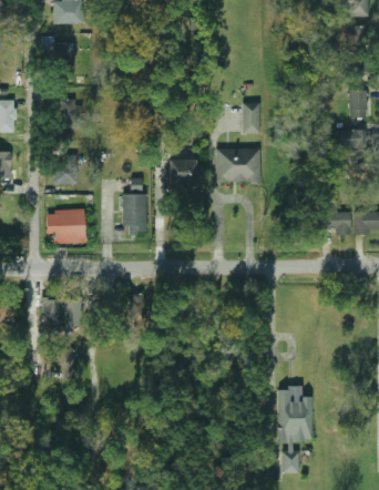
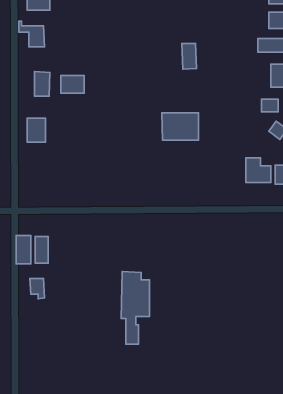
building: [243,102,260,133] -> [182,44,197,69]
building: none -> [61,75,84,93]
building: [168,160,195,184] -> none
building: [122,193,145,232] -> none
building: [57,214,84,233] -> none
building: [276,385,310,472] -> [121,272,150,344]

